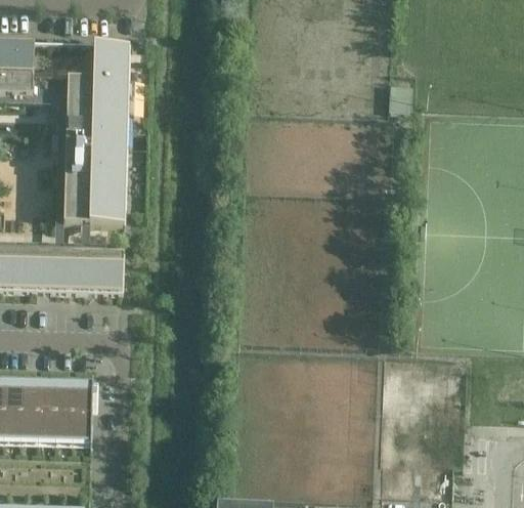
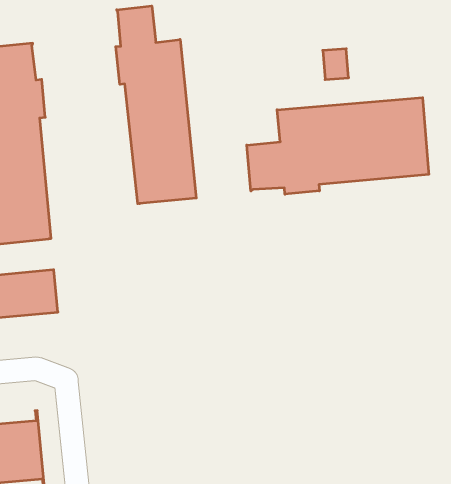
building: none -> [116,6,196,204]
building: none -> [247,98,429,194]

